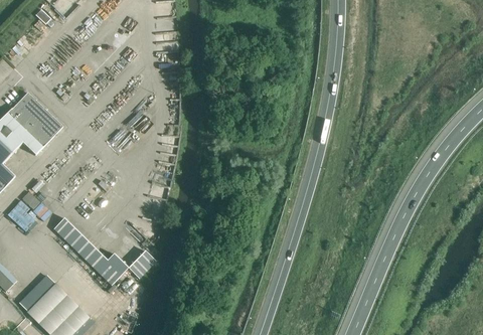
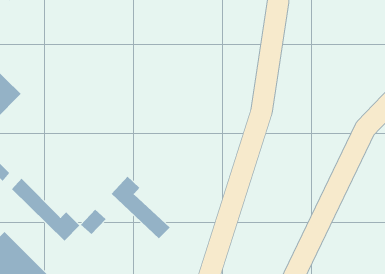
building: none -> [111,176,171,239]

